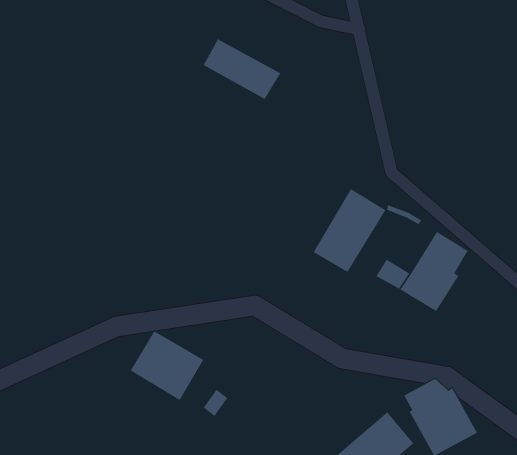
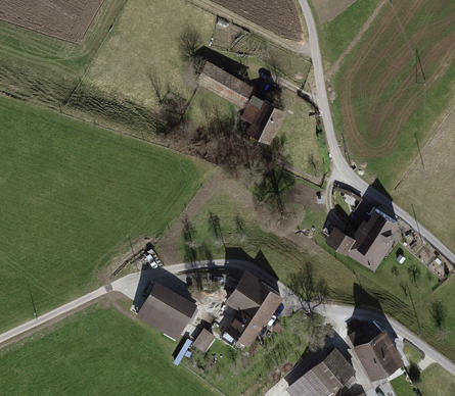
building: none -> [241,95,286,144]
building: [313,188,386,273] -> none
building: none -> [227,276,280,346]

